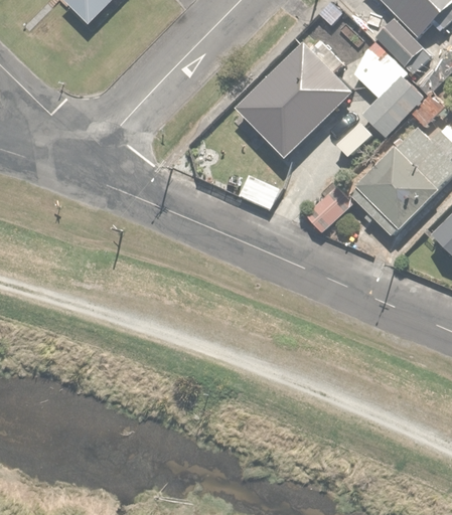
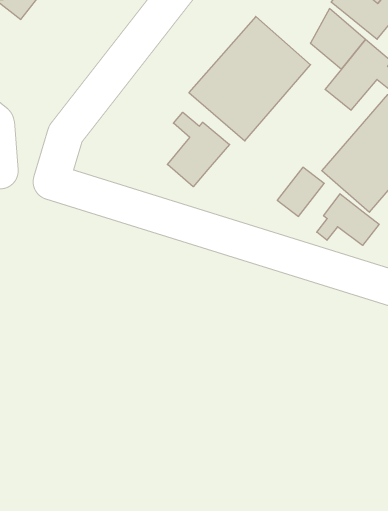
building: none -> [167,112,230,187]
building: none -> [317,194,379,245]

